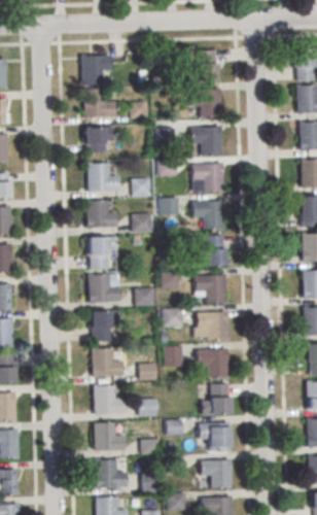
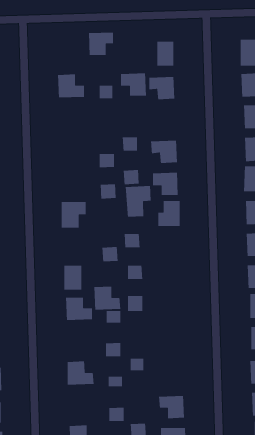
building: [82,55,112,82] -> [88,32,114,56]
building: [86,127,114,152] -> none
building: [190,128,221,156] -> [120,72,147,96]
building: [87,162,119,191] -> none
building: [86,198,118,227] -> none
building: none -> [125,185,151,217]
building: [89,272,120,301] -> none
building: [196,276,226,304] -> none
building: [198,313,228,341] -> none
building: [198,350,228,378] -> none
building: [204,383,233,413] -> none
building: [95,384,127,413] -> [94,286,121,310]
building: [200,424,231,452] -> none
building: [97,458,129,486] -> none

